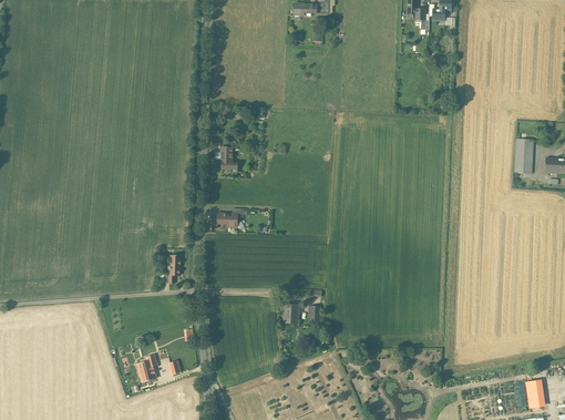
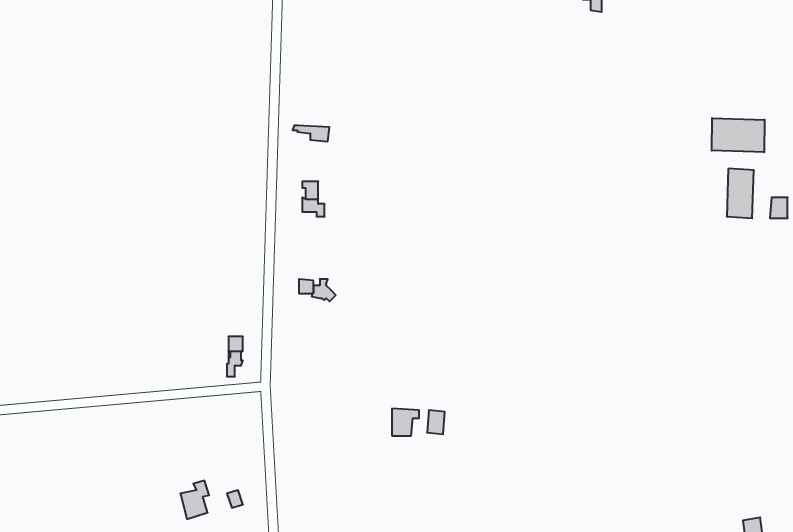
building: none -> [712,118,765,152]

